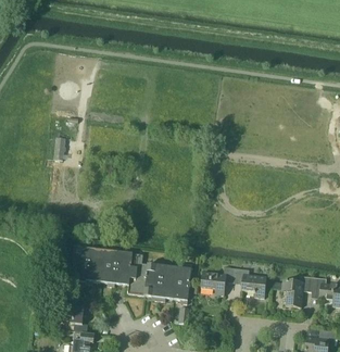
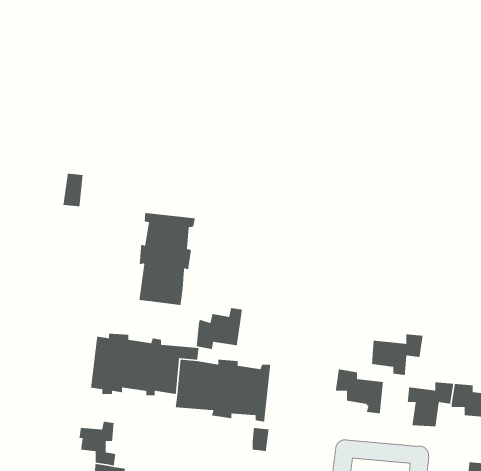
building: none -> [138,212,196,306]
building: none -> [196,307,243,350]
building: [201,267,236,296] -> [371,333,424,376]

